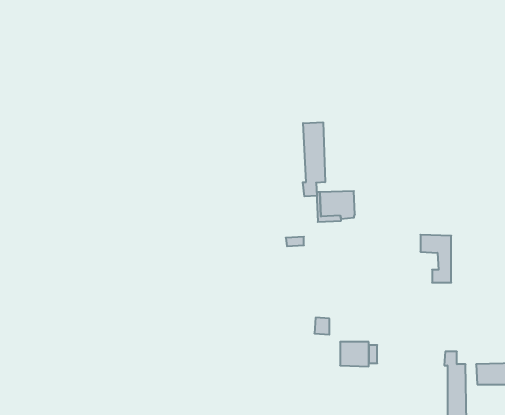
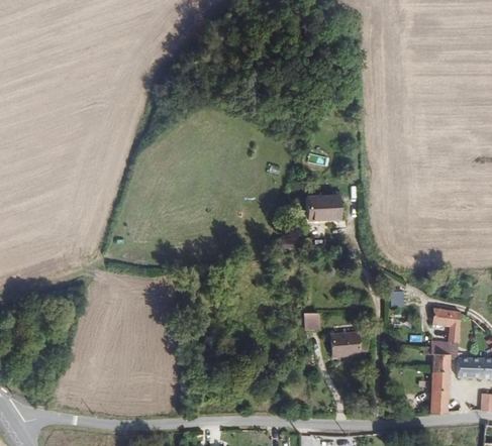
building: [303,122,325,196] -> none
building: [420,235,451,283] -> [427,312,457,357]

